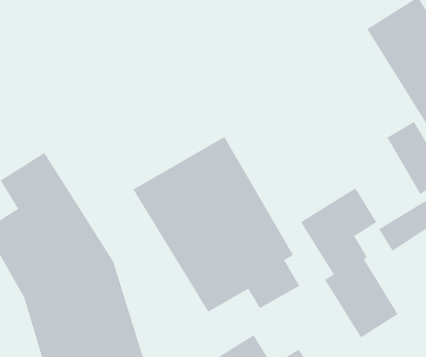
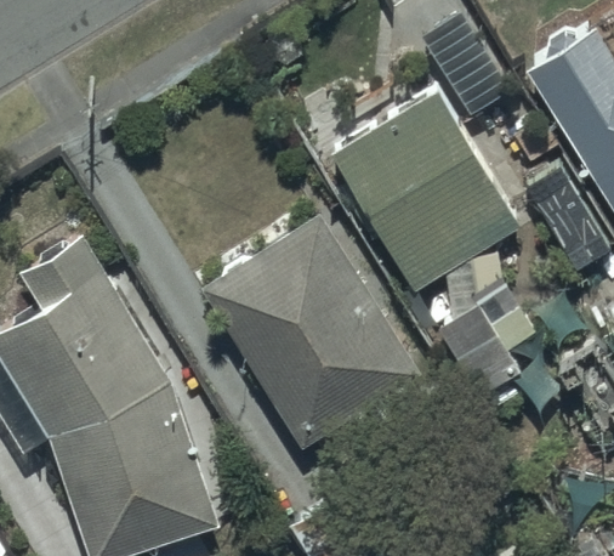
building: none -> [339,90,524,289]

